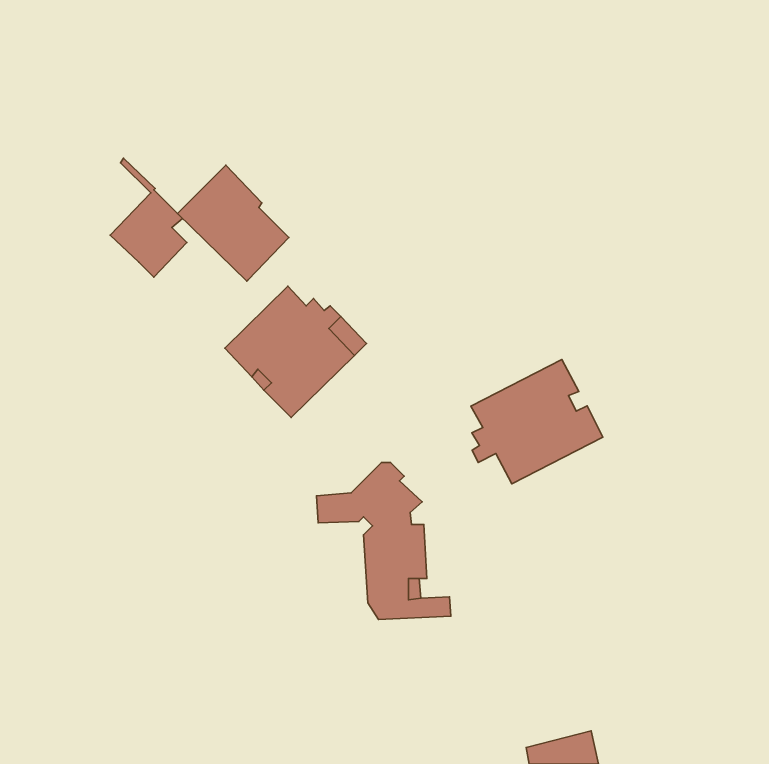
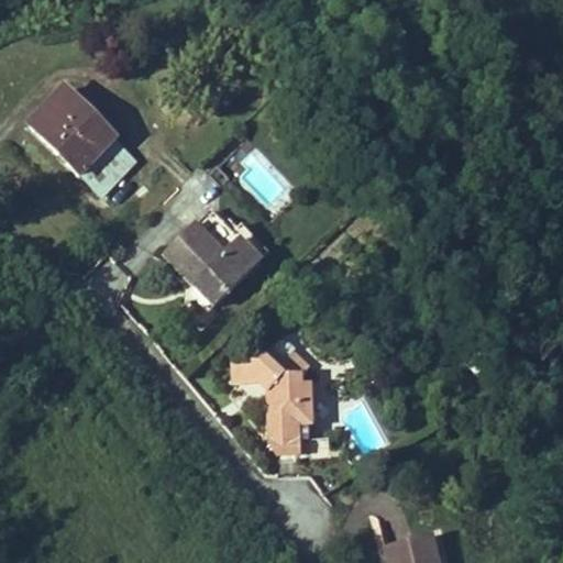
building: [177,165,289,281] -> [29,88,110,173]
building: [471,360,603,484] -> none

